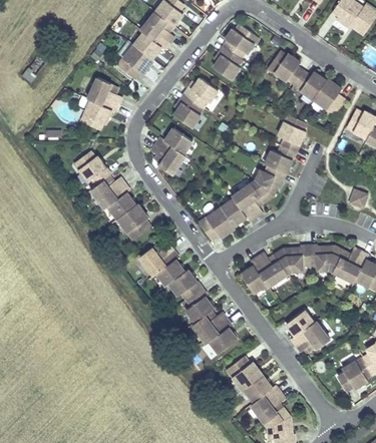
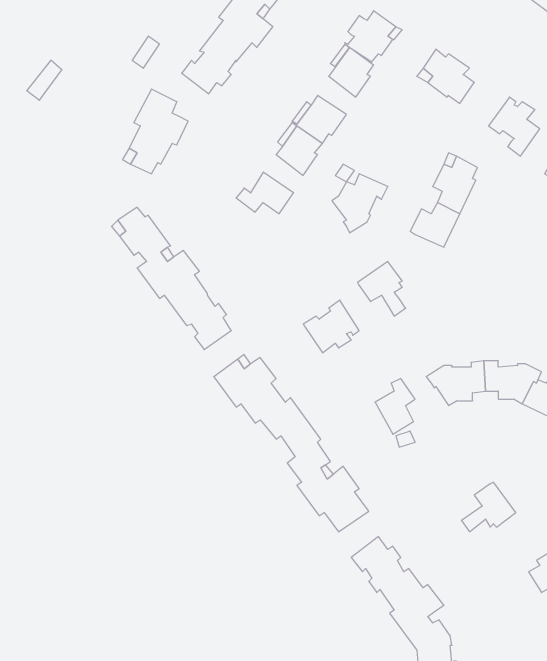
building: [293,71,324,98] -> none
building: [147,143,181,174] -> none
building: [248,166,283,203] -> [332,174,388,233]
building: [218,198,252,227] -> none
building: [256,252,286,286] -> none
building: [284,311,312,346] -> none

